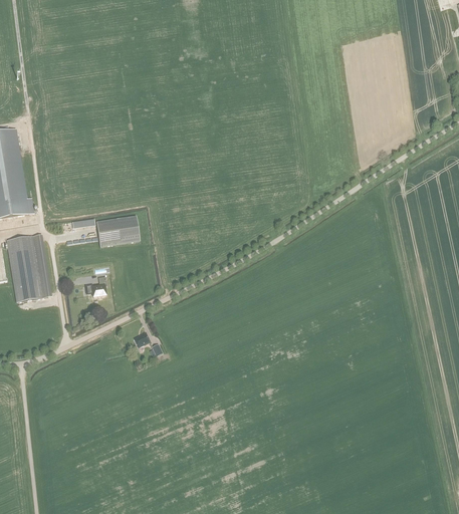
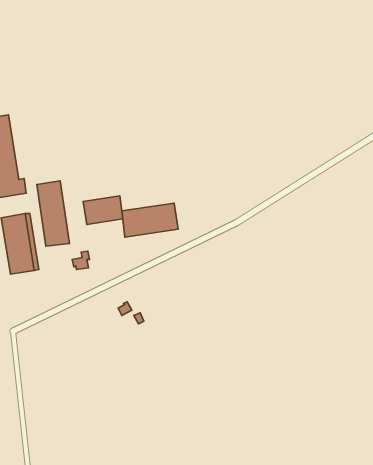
building: none -> [37,181,70,246]
building: none -> [122,203,178,237]

